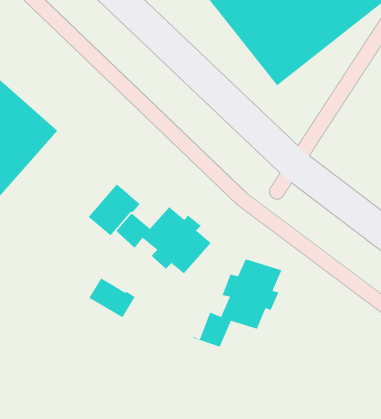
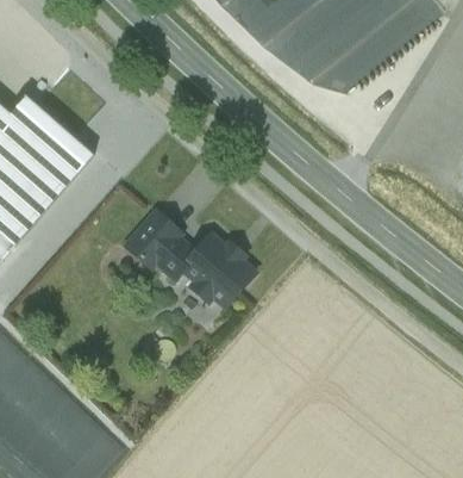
building: [192,258,282,347] -> none
building: [89,278,135,318] -> none

